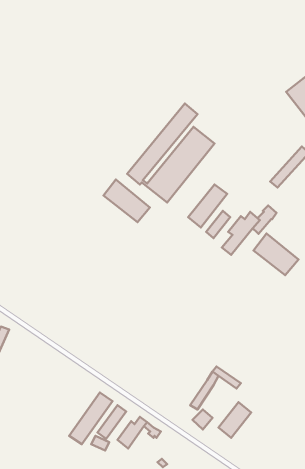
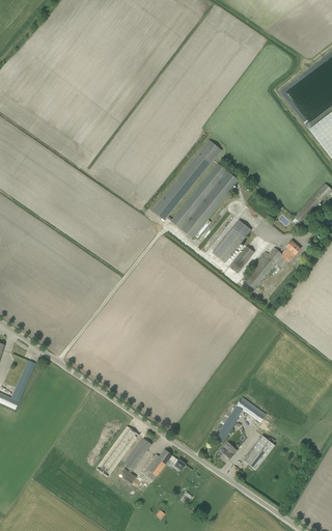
building: [104,180,150,222] -> none
building: [253,234,298,275] -> none

